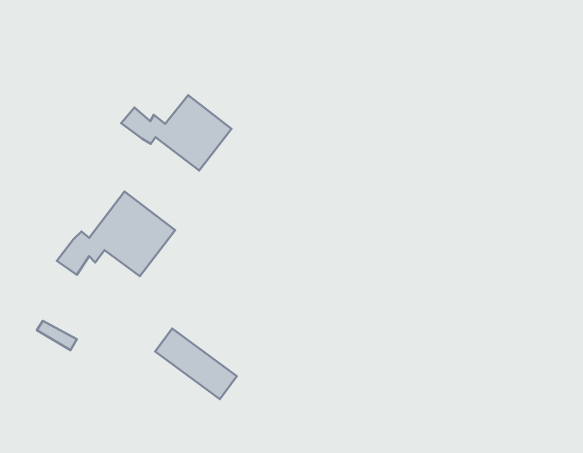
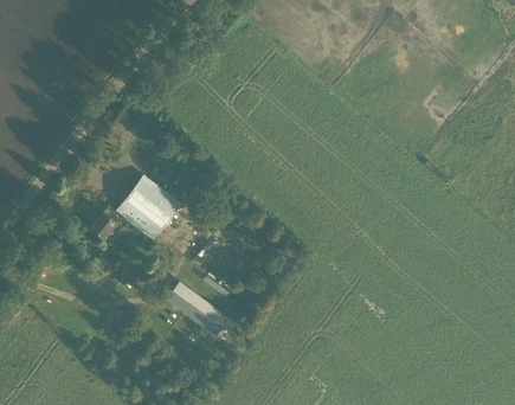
building: [121,95,232,171] -> none

